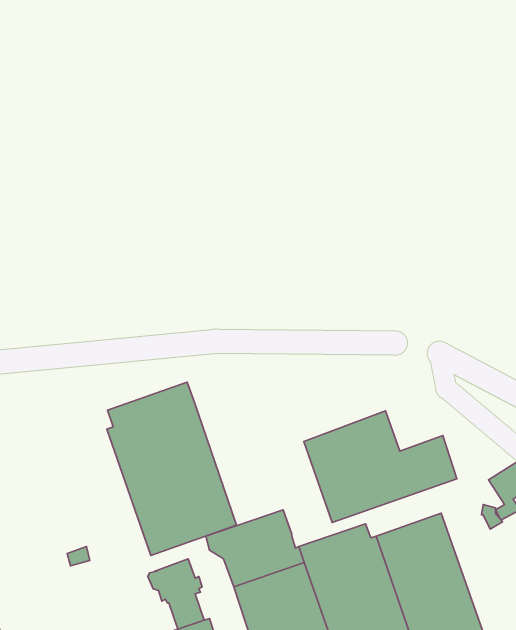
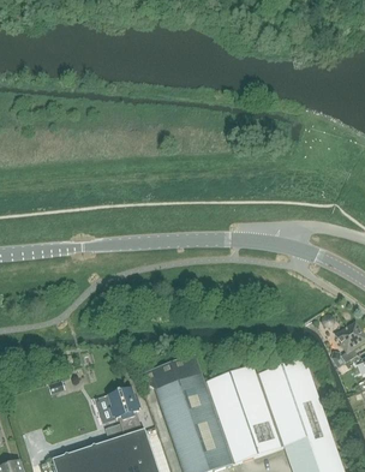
building: [107,382,237,555] -> none
building: [304,411,457,522] -> none

